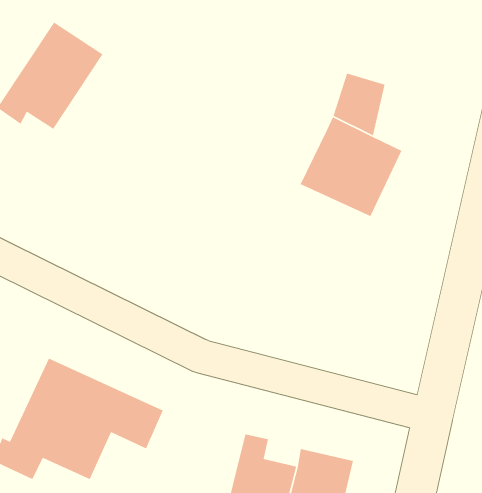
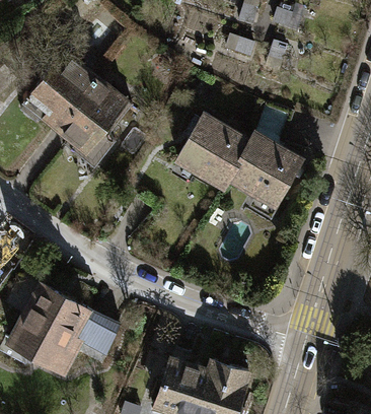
building: none -> [58,78,131,167]
building: none -> [173,116,246,188]

